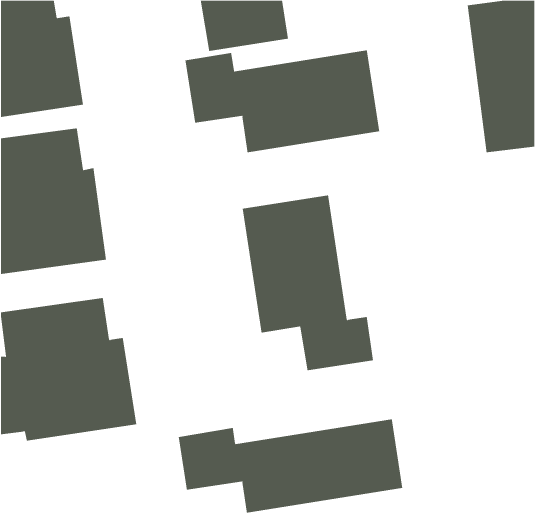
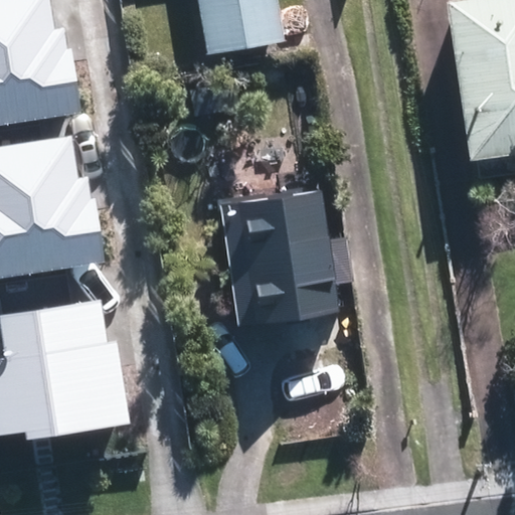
building: [185,50,380,153] -> none
building: [178,418,403,513] -> none

